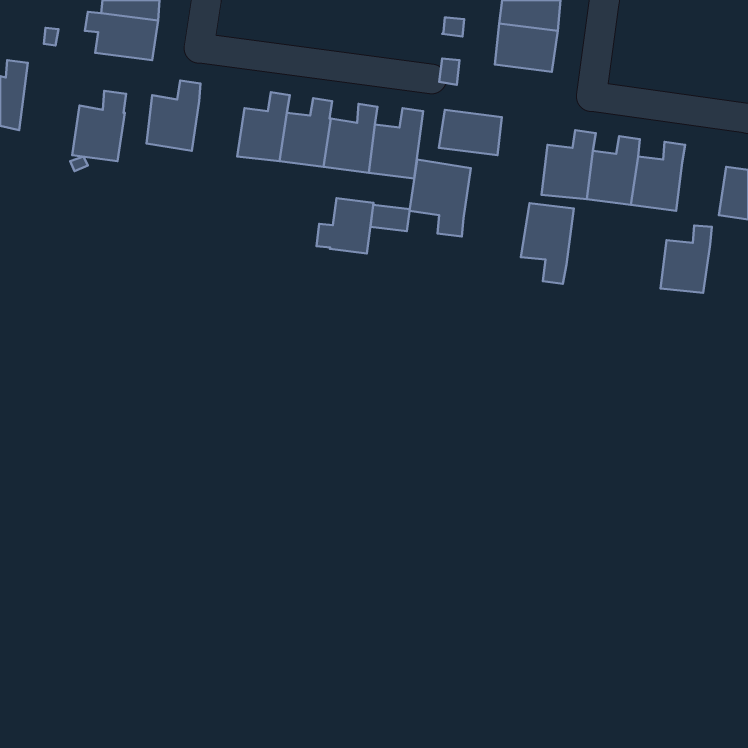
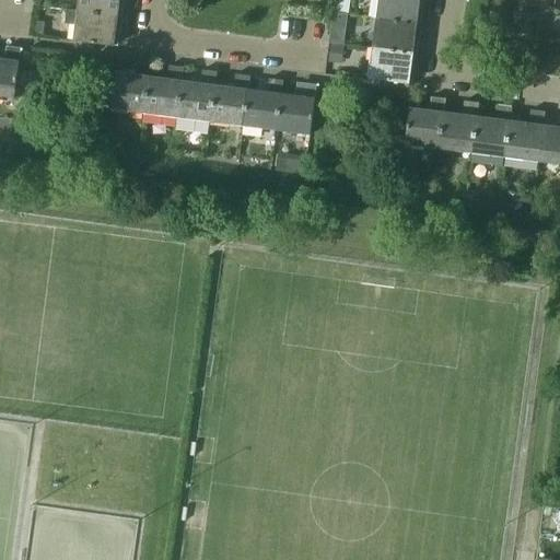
building: [72,91,126,161] -> [143,65,184,117]
building: [439,110,502,155] -> [365,48,412,82]
building: [410,159,471,237] -> none
building: [316,198,374,253] -> none
building: [521,203,574,284] -> none
building: [661,225,712,293] -> [505,110,544,161]

